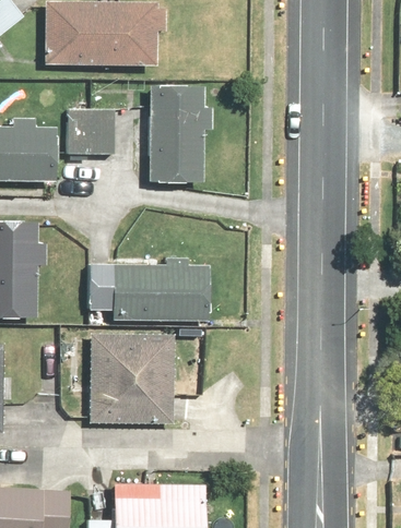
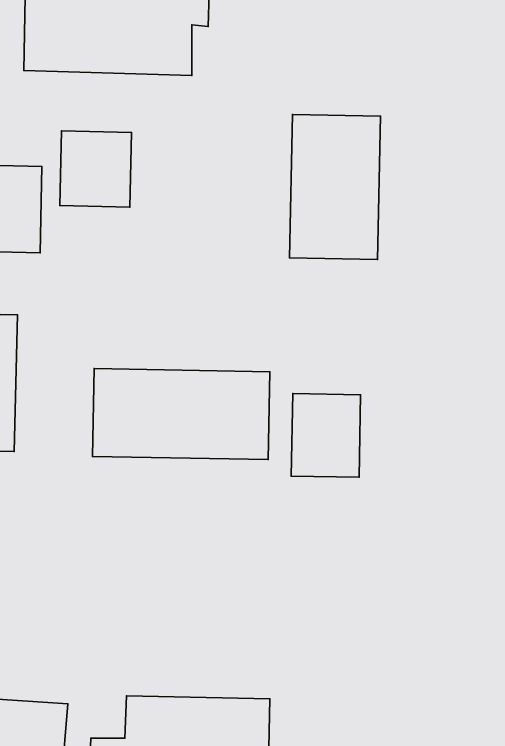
building: [144,88,205,185] -> [289,114,381,259]
building: none -> [291,394,361,477]
building: [86,333,178,425] -> none

